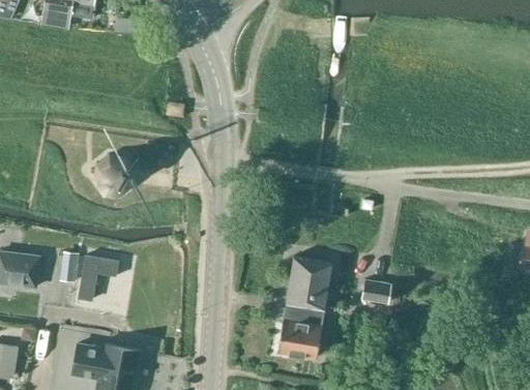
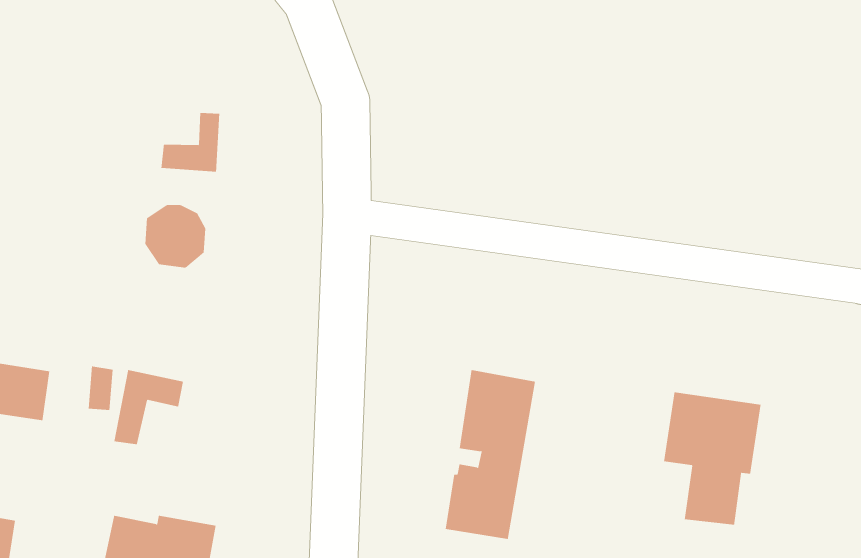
building: none -> [161,112,220,172]
building: none -> [663,392,761,525]
building: [361,279,391,302] -> none

